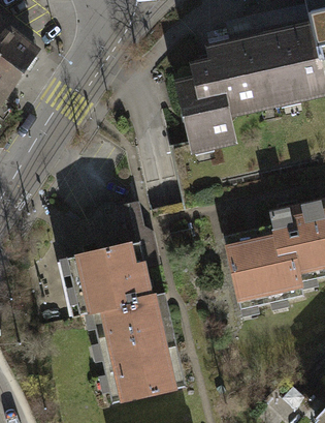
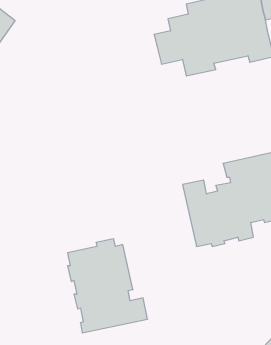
building: [178,81,235,147] -> none
building: [63,203,160,318] -> none

